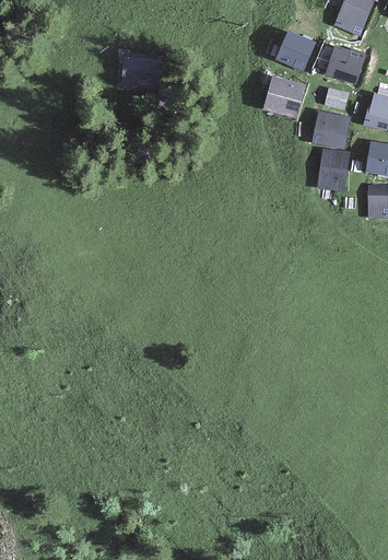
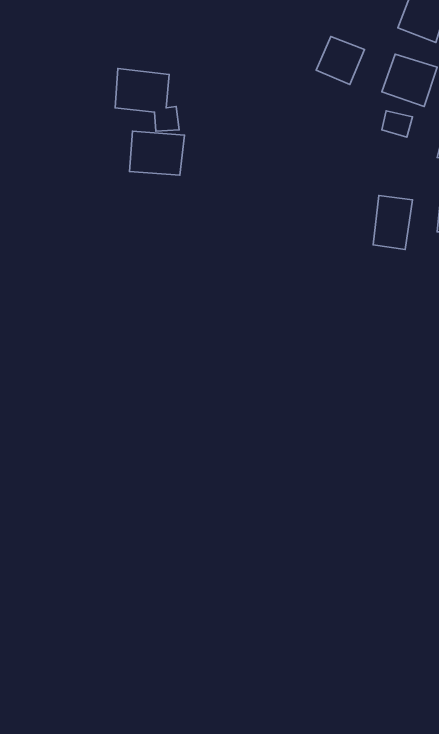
building: [267,74,303,115] -> none
building: none -> [129,131,184,175]
building: [311,110,349,147] -> none

